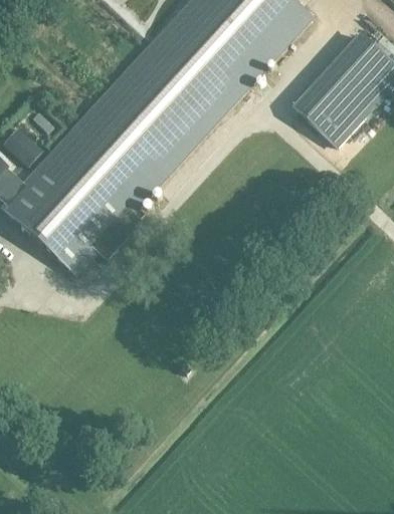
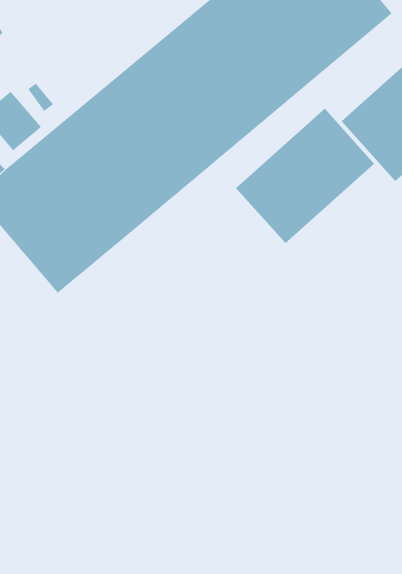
building: none -> [235,108,375,244]

